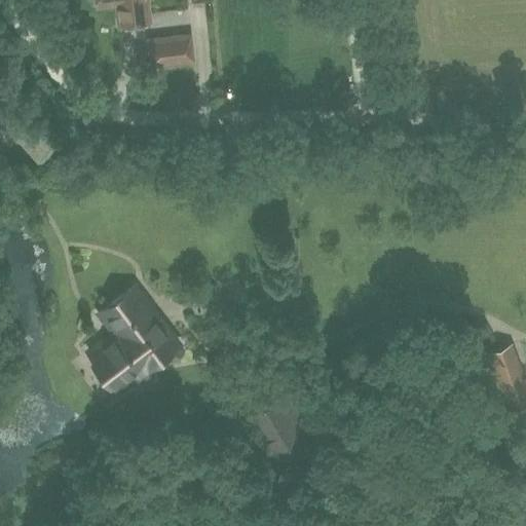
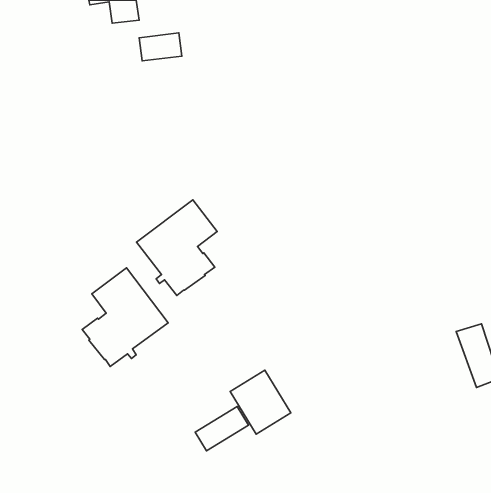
building: none -> [137,200,217,295]
building: none -> [195,407,248,451]

